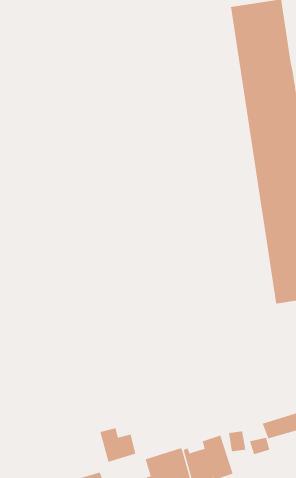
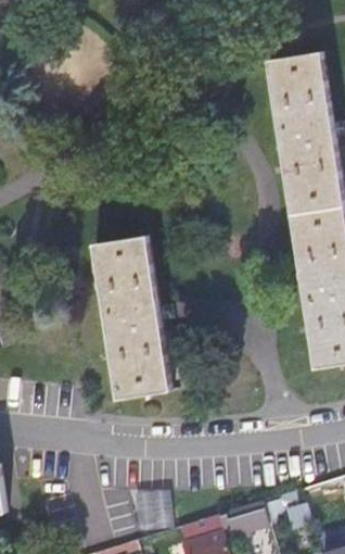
building: none -> [91,238,168,400]

